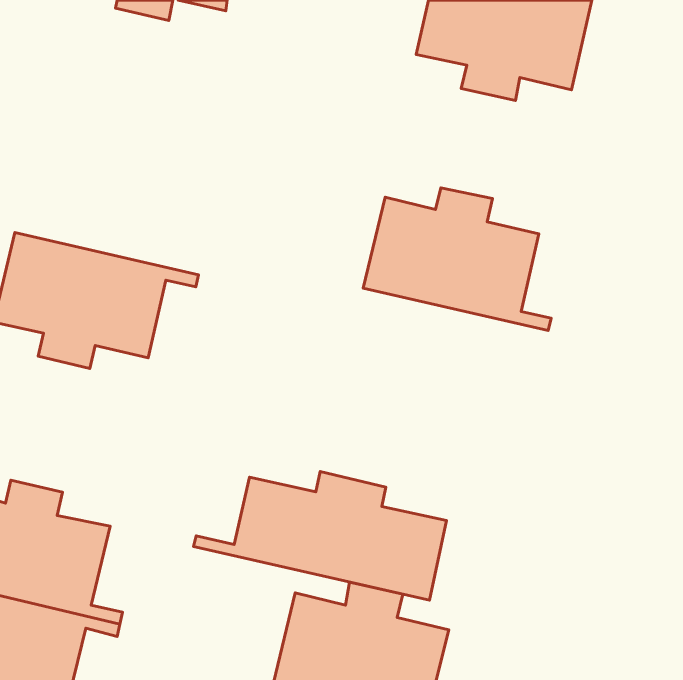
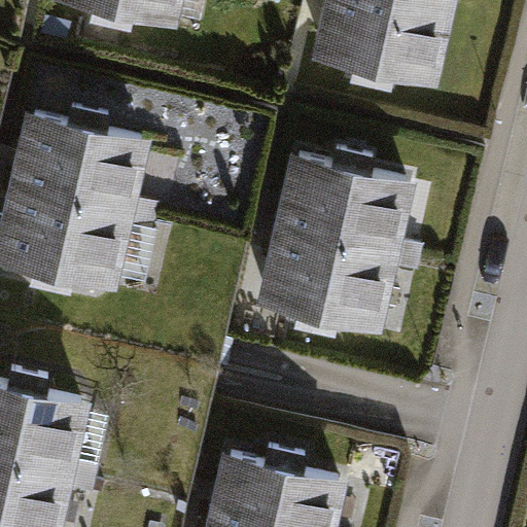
building: none -> [10,110,152,219]
building: none -> [259,230,415,332]
building: [194,472,447,600] -> none

